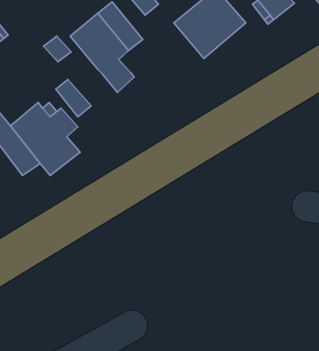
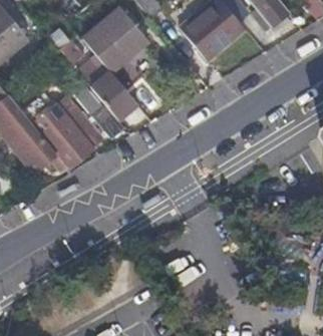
building: none -> [90,71,136,119]

